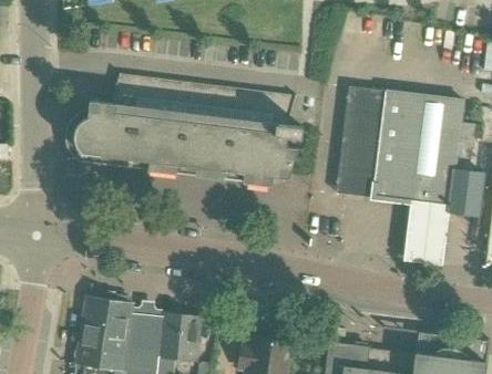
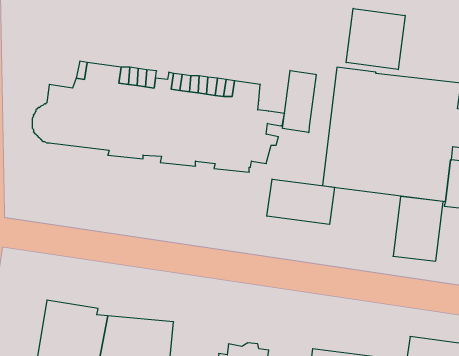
building: none -> [346,8,405,70]
building: none -> [283,70,316,133]
building: none -> [267,179,335,224]

